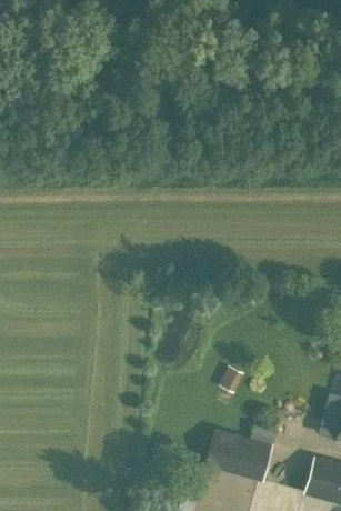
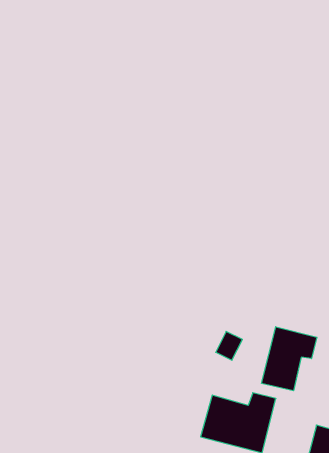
building: none -> [262,327,317,391]

